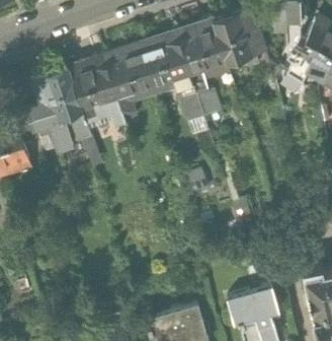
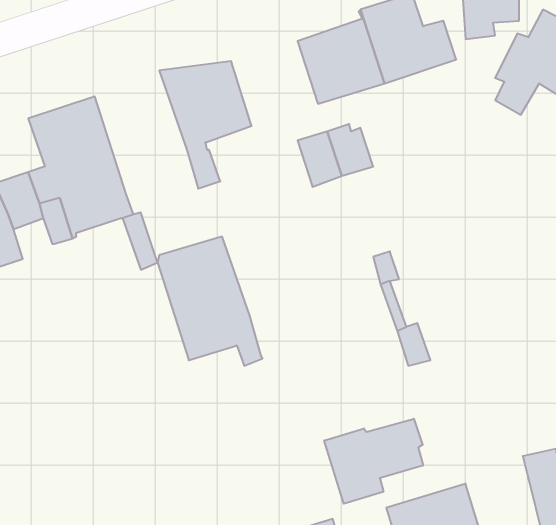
building: [143,41,190,87] -> none
building: [68,57,126,128] -> [157,237,263,366]
building: none -> [324,419,423,504]

